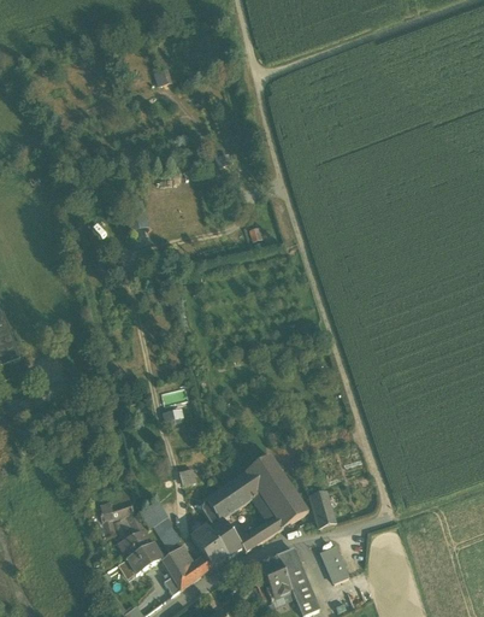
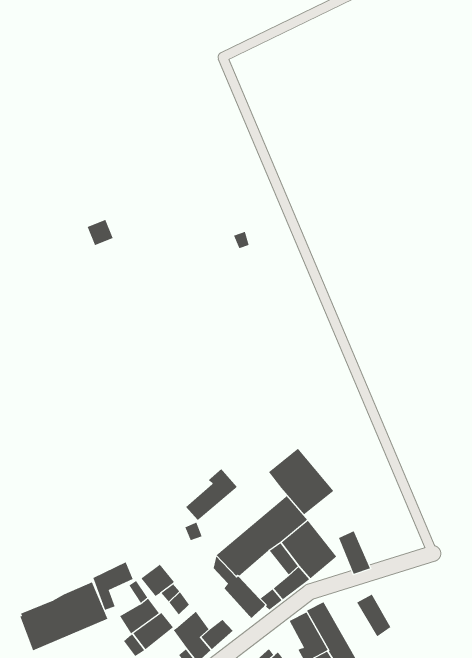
building: none -> [268,448,334,515]
building: none -> [185,468,238,522]
building: none -> [19,582,108,651]
building: [191,523,228,564] -> none

